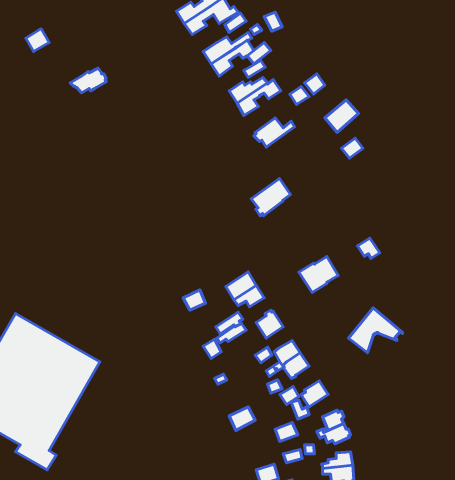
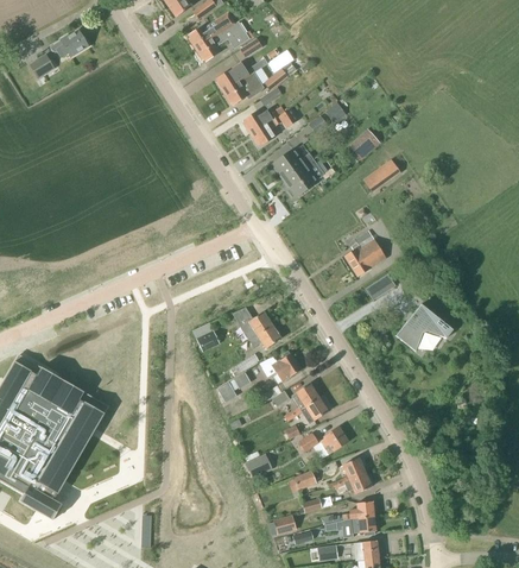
building: [70,68,106,93] -> [49,31,87,57]
building: [251,179,291,216] -> [283,157,324,196]
building: [299,256,338,292] -> [343,238,385,276]
building: [348,308,402,353] -> [394,303,451,351]

